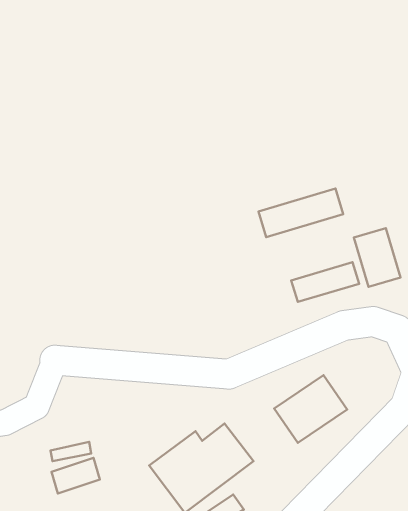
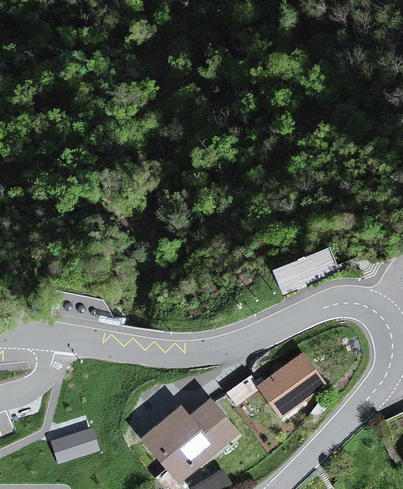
building: [258,189,343,237] -> none
building: [354,228,401,287] -> none

